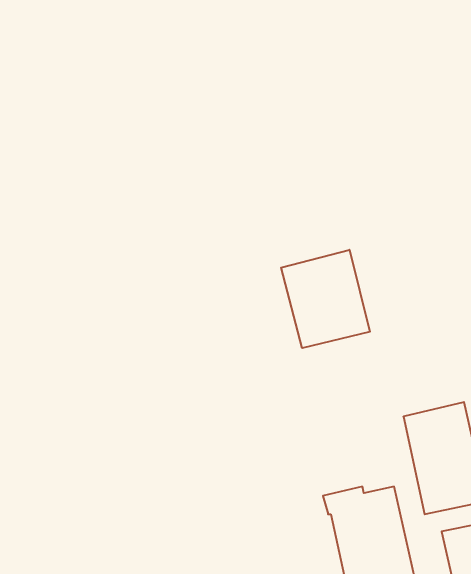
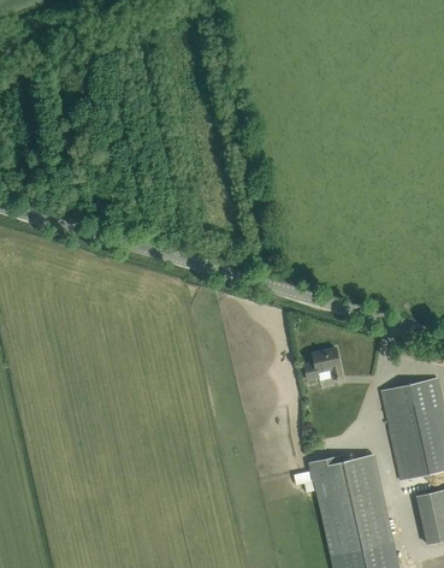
building: [281,250,370,348] -> none
building: none -> [303,348,341,379]

